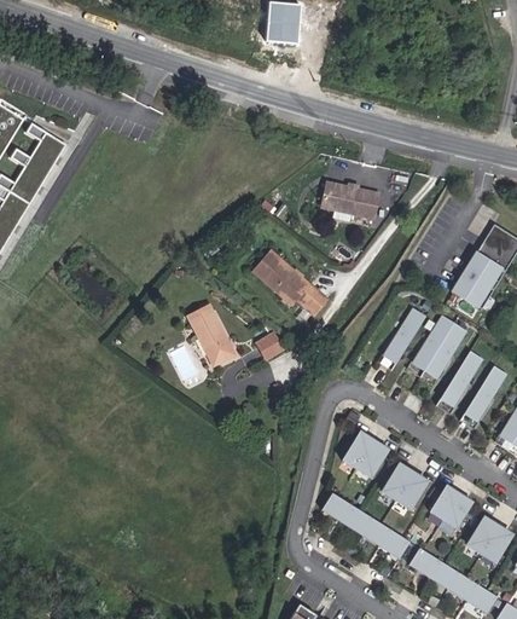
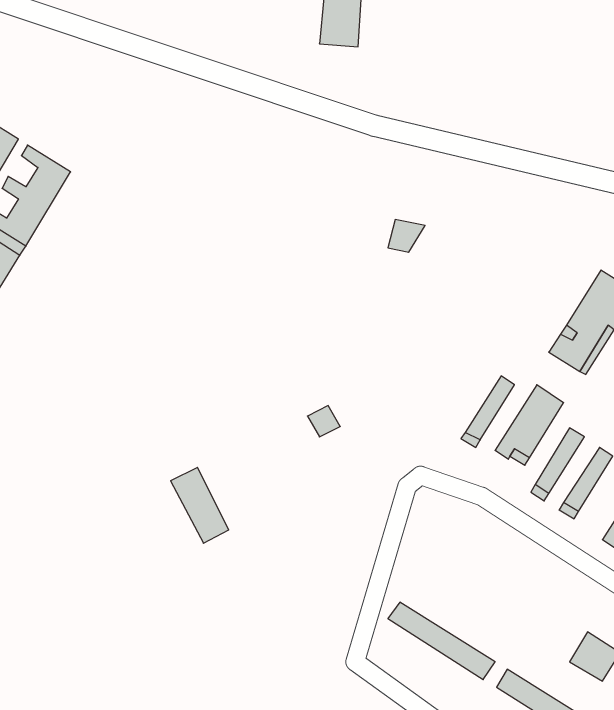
building: [338,187,377,216] -> none
building: [254,253,325,311] -> none
building: [187,302,234,364] -> [171,467,229,543]
building: [344,433,387,473] -> none
building: [384,465,426,505] -> none
building: [431,486,470,525] -> none

